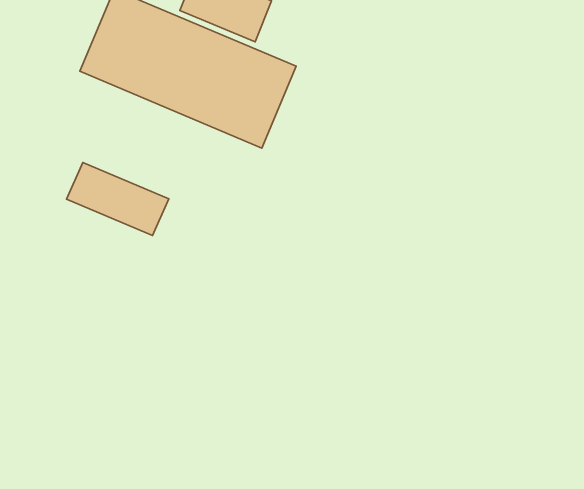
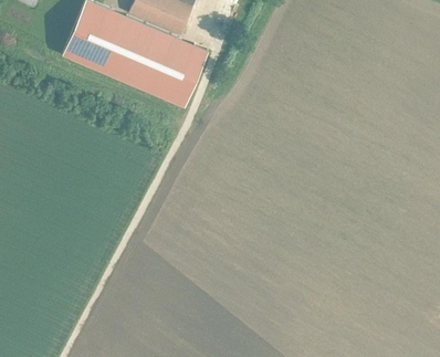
building: [67,162,169,236] -> none

